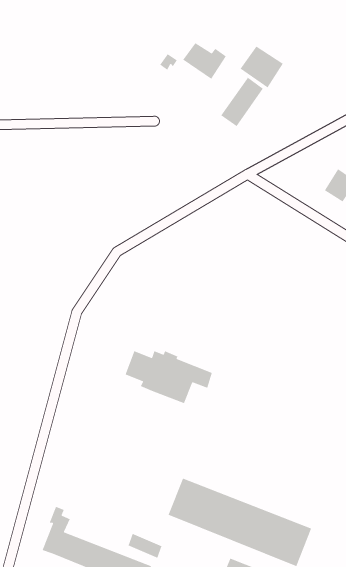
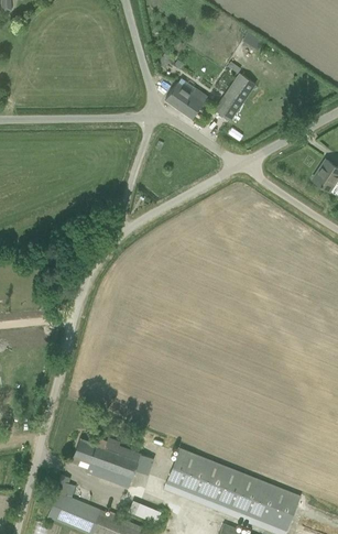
building: [182,42,227,80] -> [164,83,206,118]
building: [240,45,284,89] -> none
building: [124,350,213,404] -> [70,438,153,489]

